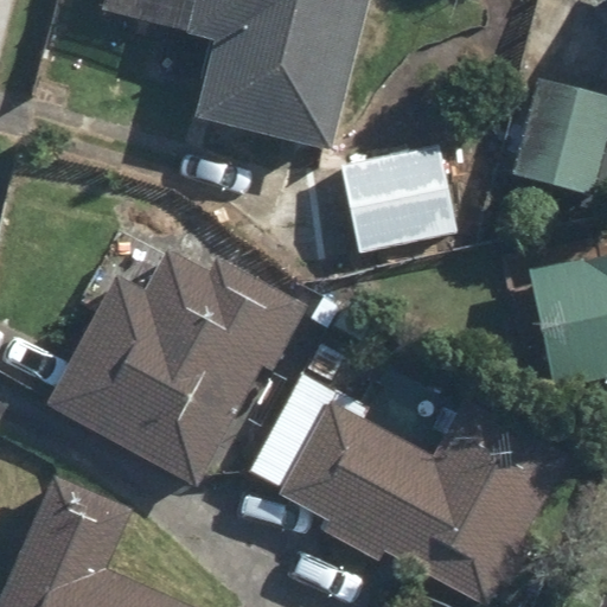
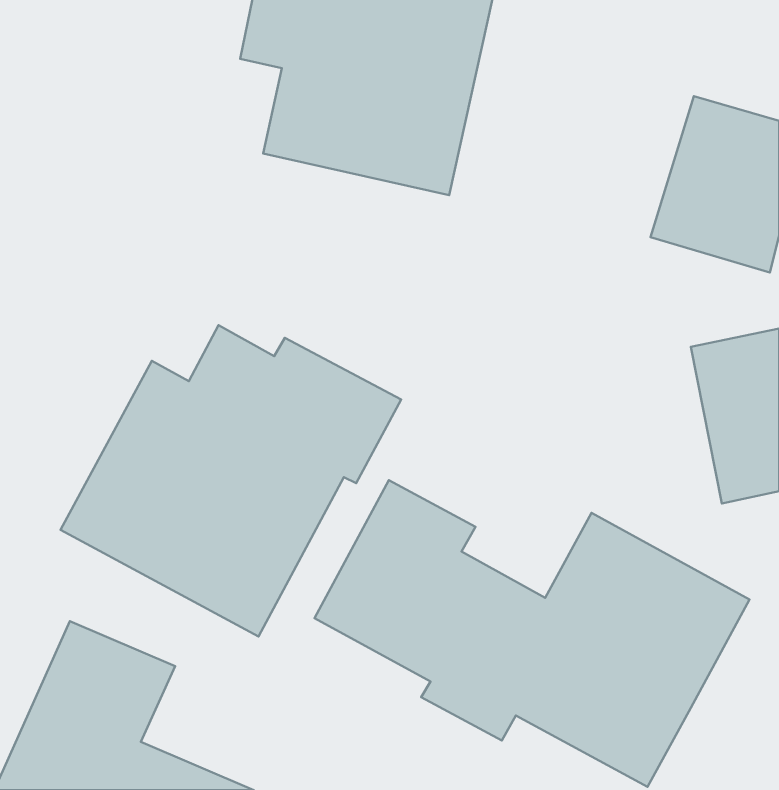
building: [339,142,464,261] -> none

